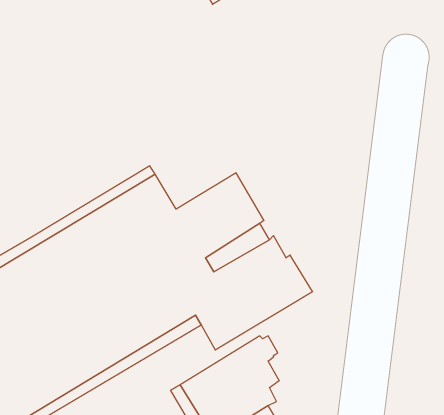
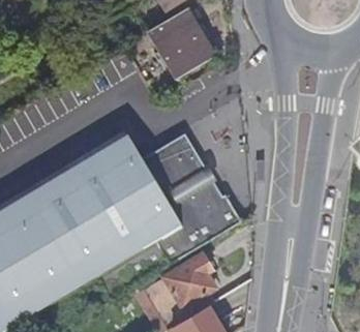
building: none -> [148,9,214,78]

